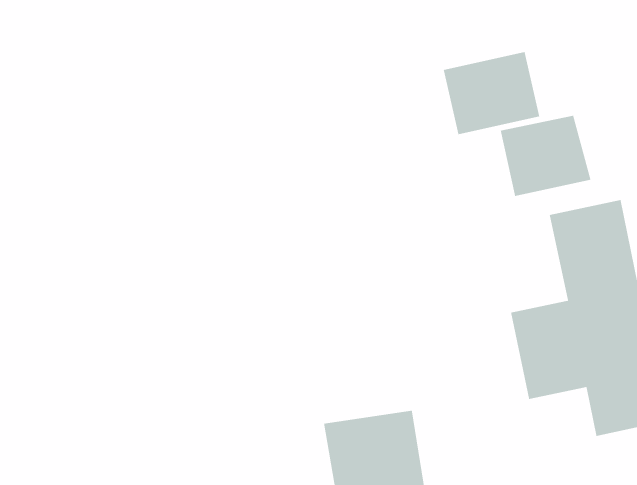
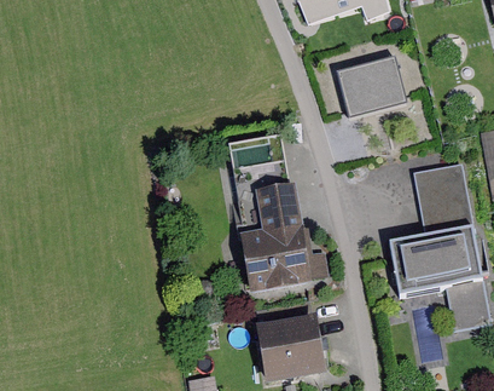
building: [500,115,592,197] -> none
building: none -> [242,178,319,288]

